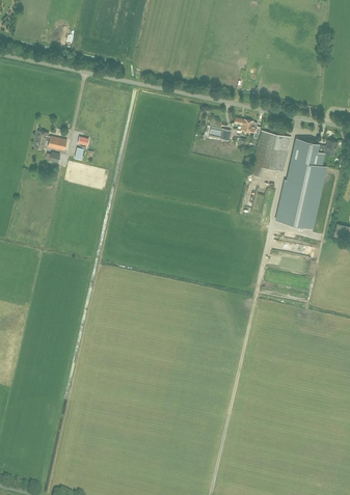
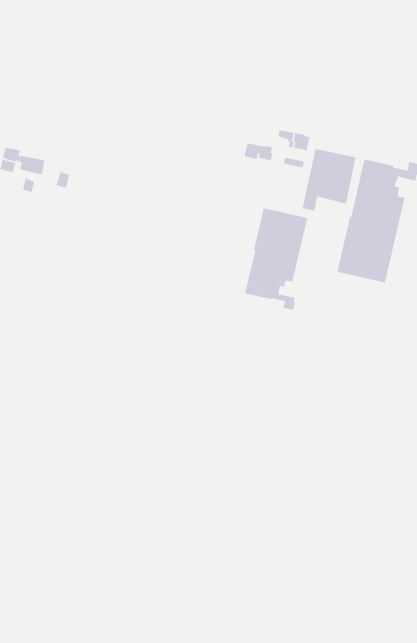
building: none -> [244,208,308,311]

